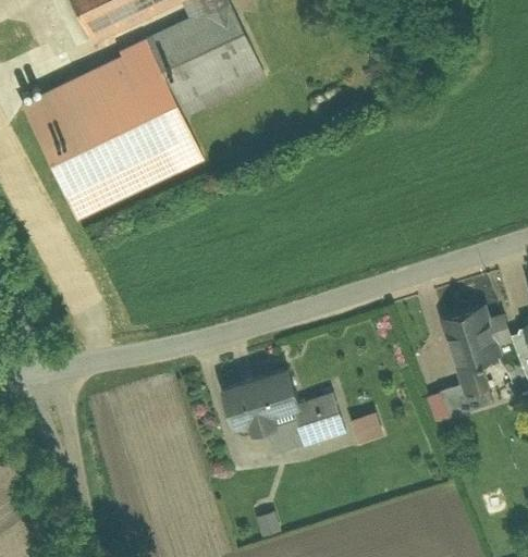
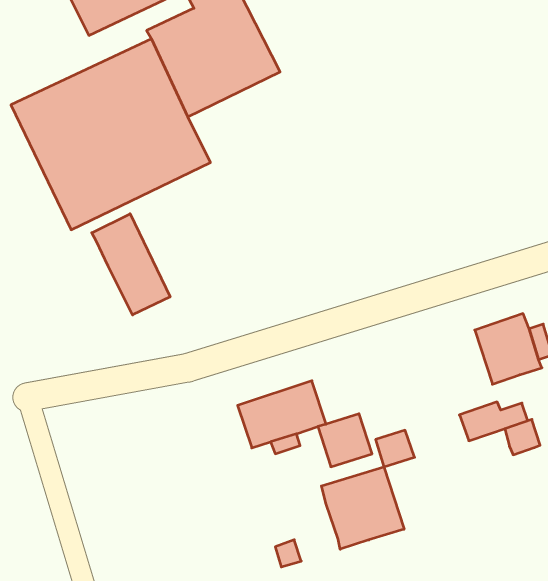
building: none -> [92,214,170,315]
building: [459,357,492,389] -> [505,419,540,455]
building: none -> [321,467,404,549]

